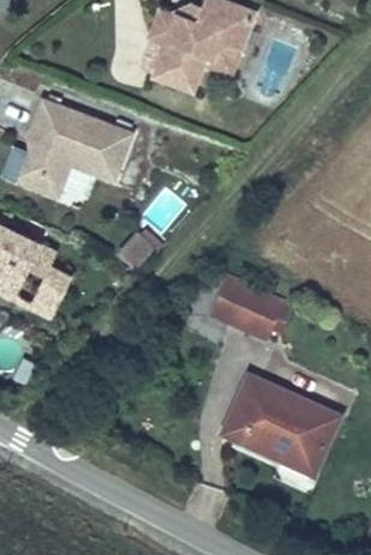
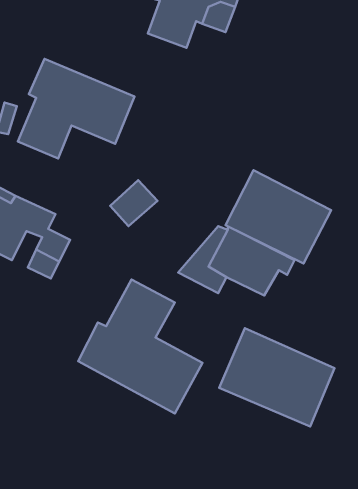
building: none -> [225,170,331,263]
building: none -> [78,279,203,413]

